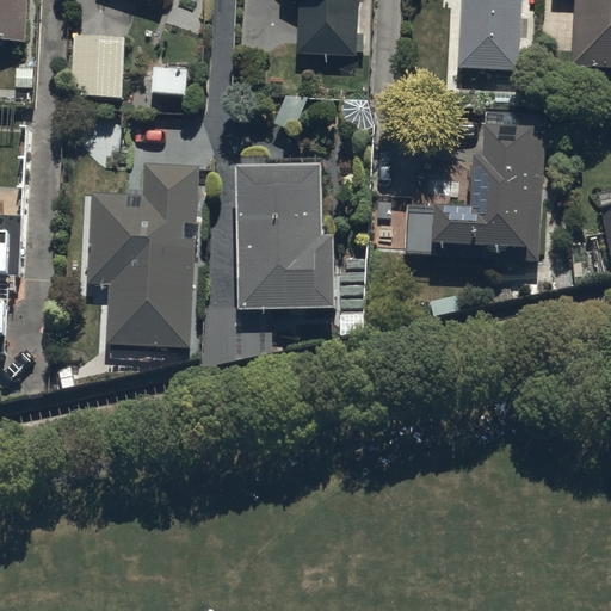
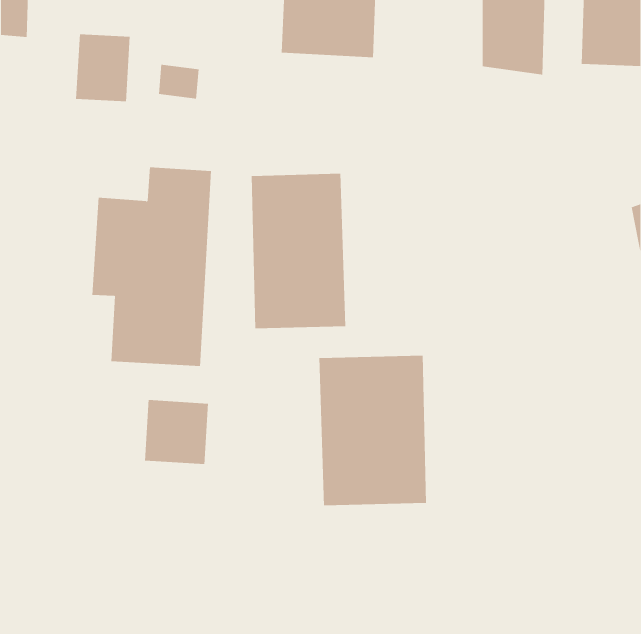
building: [403,118,551,263] -> none
building: none -> [319,355,426,506]
building: none -> [145,399,208,465]

